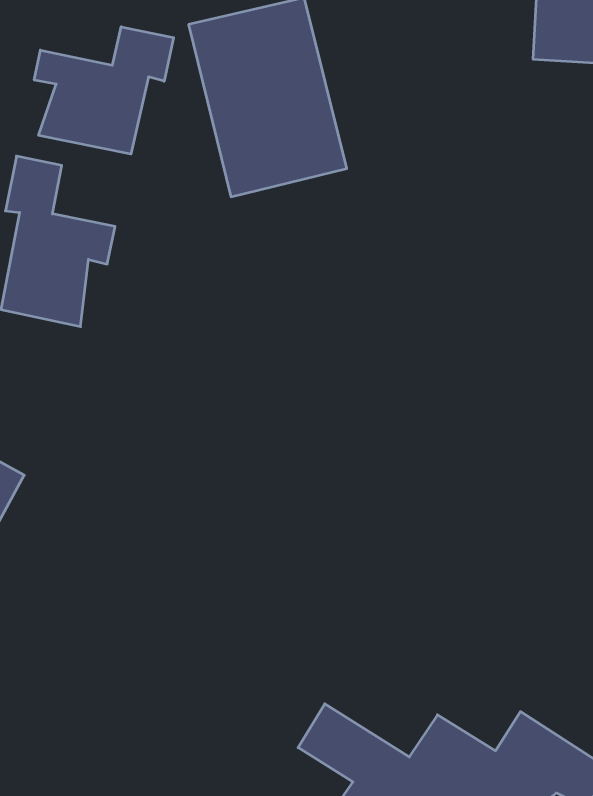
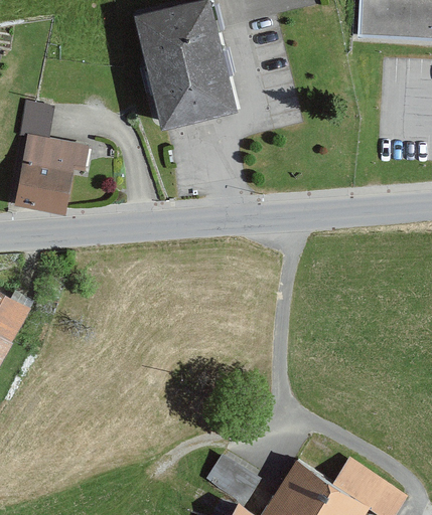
building: [34,27,174,154] -> none

